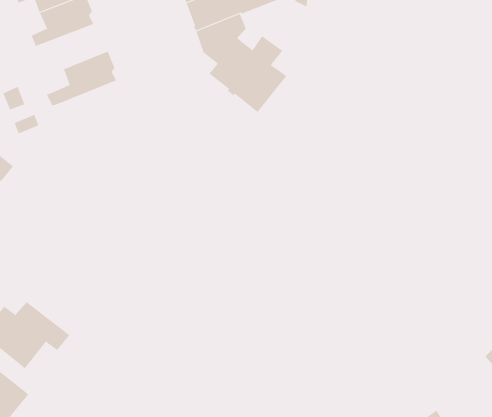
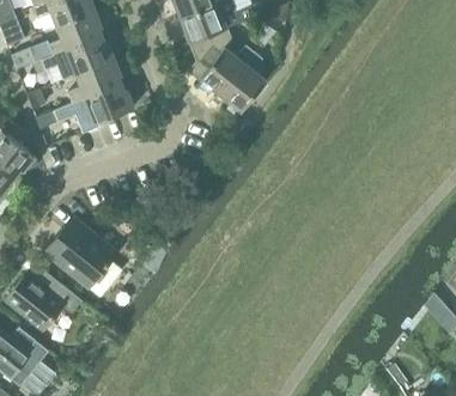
building: none -> [39,36,115,79]
building: none -> [72,84,134,133]
building: none -> [44,227,122,297]

